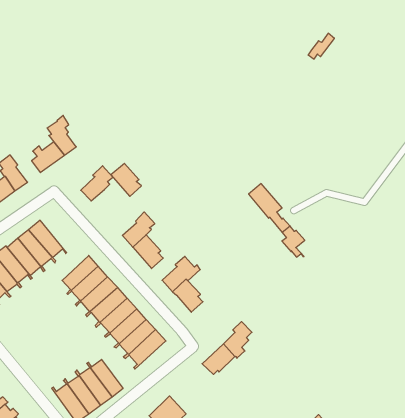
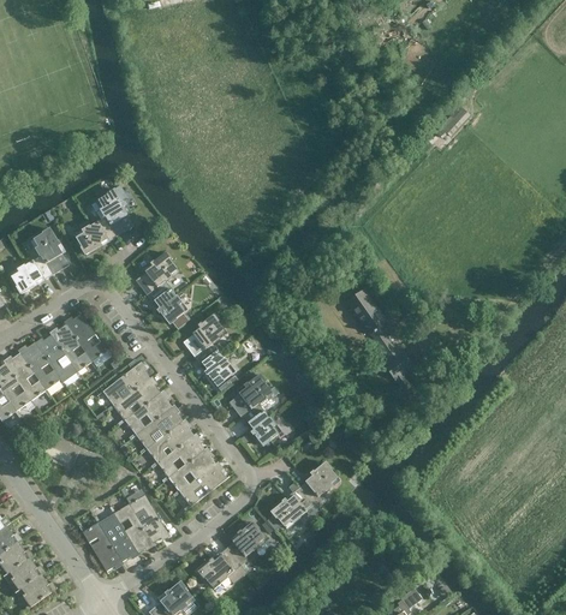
building: [111,163,141,196] -> [147,280,184,322]
building: none -> [226,521,264,565]

